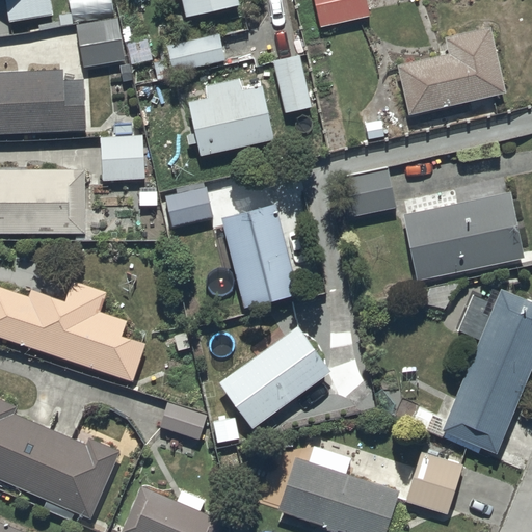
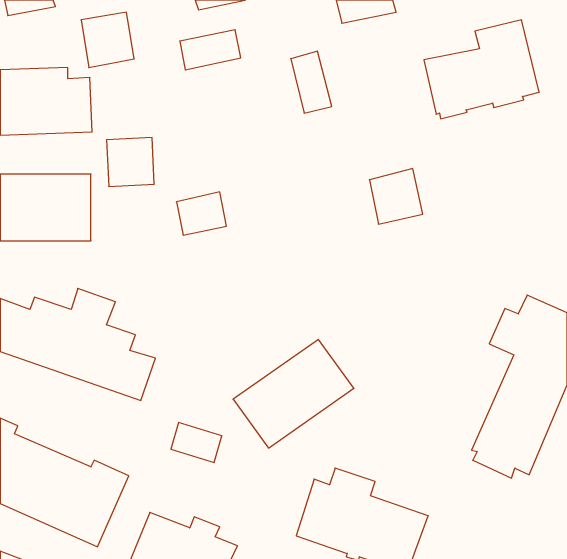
building: [186,80,273,155] -> none
building: [403,191,525,282] -> none
building: [220,202,297,308] -> none
building: [406,453,462,515] -> none

